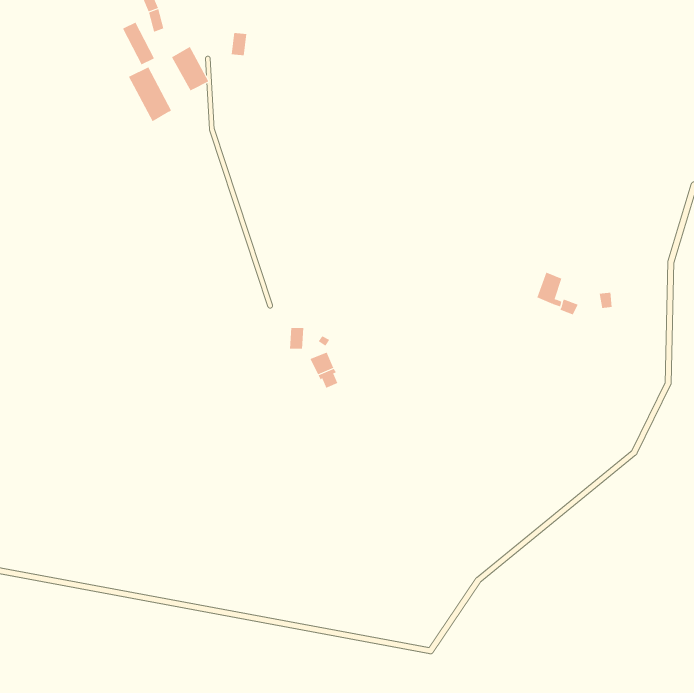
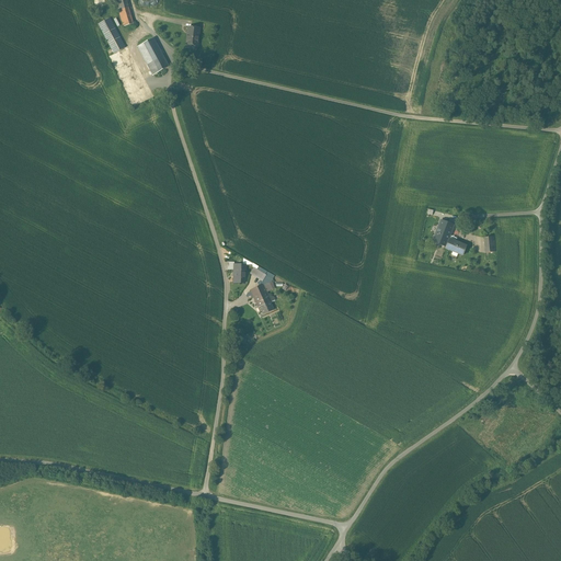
building: [128,66,172,122] -> none

